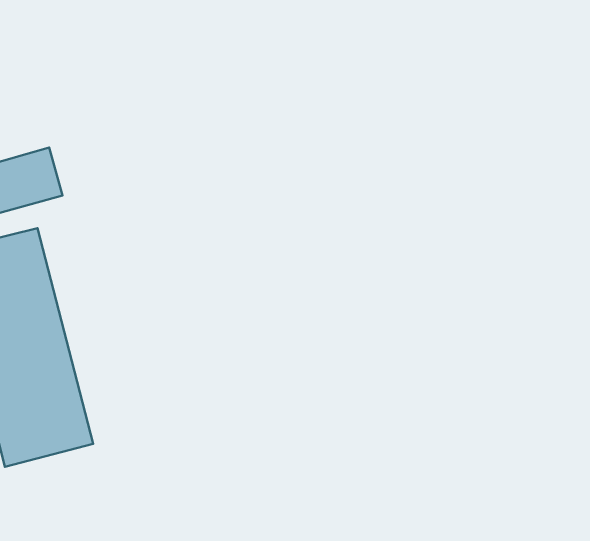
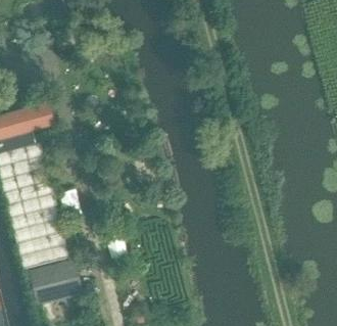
building: none -> [30,260,84,304]

